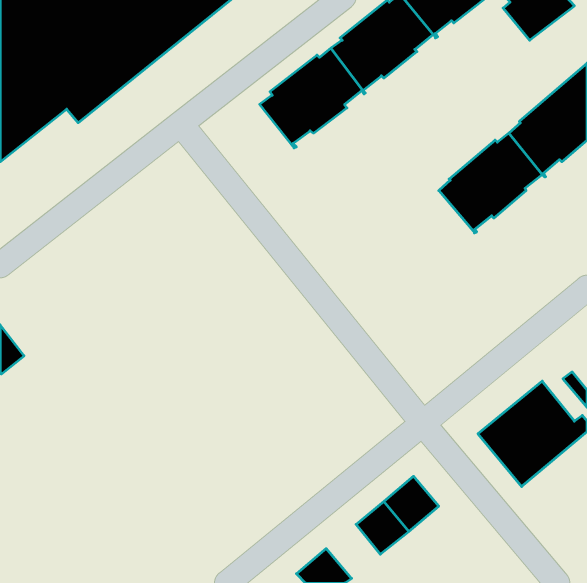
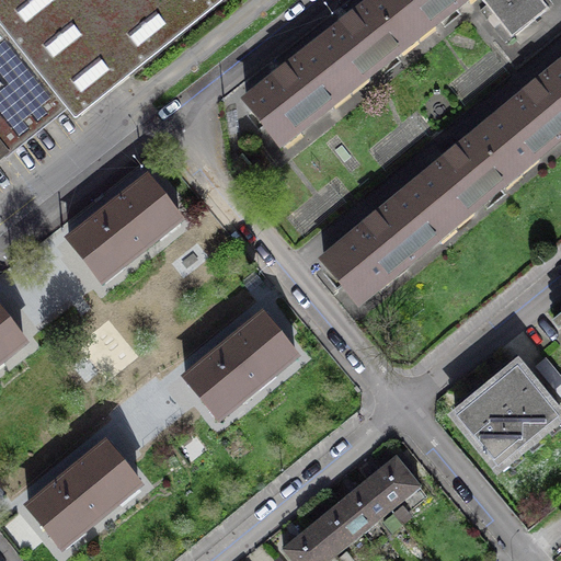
building: none -> [68,175,180,278]
building: none -> [325,182,451,300]
building: none -> [185,312,295,415]
building: none -> [28,440,138,543]
building: none -> [311,501,363,552]

